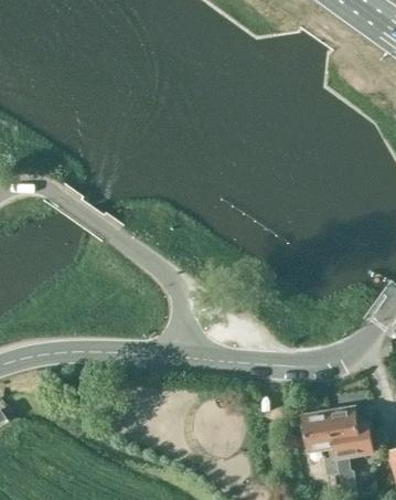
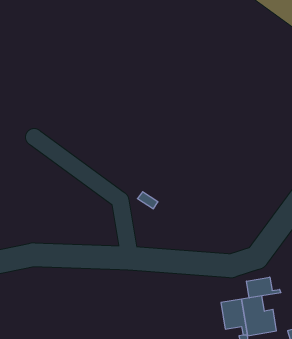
building: none -> [247,277,281,298]

